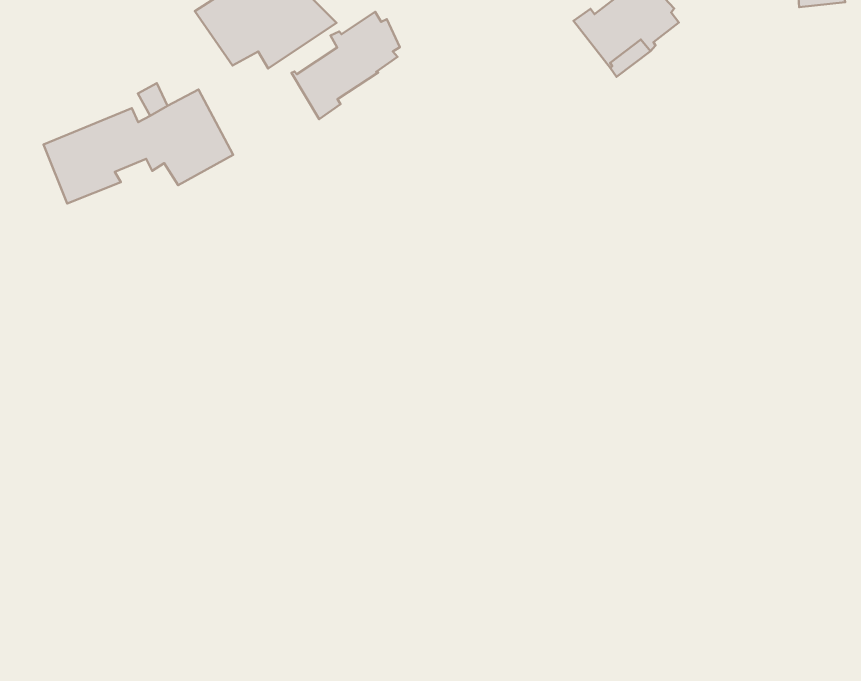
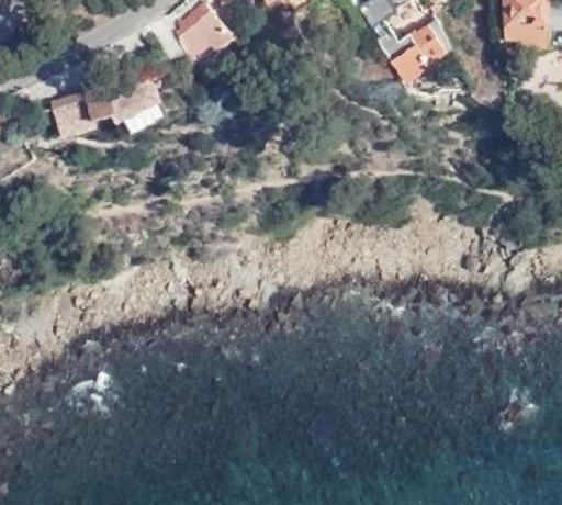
building: [292,12,400,119] -> none

